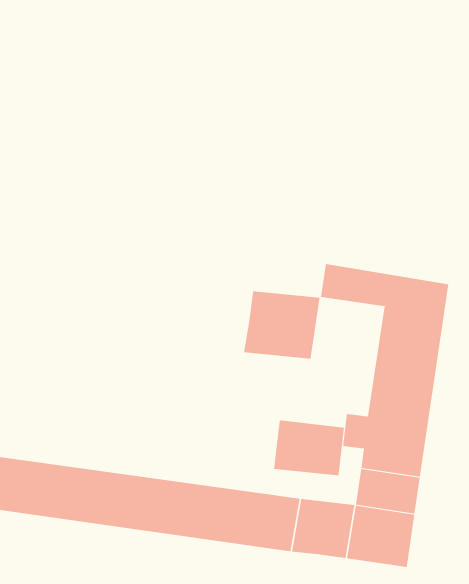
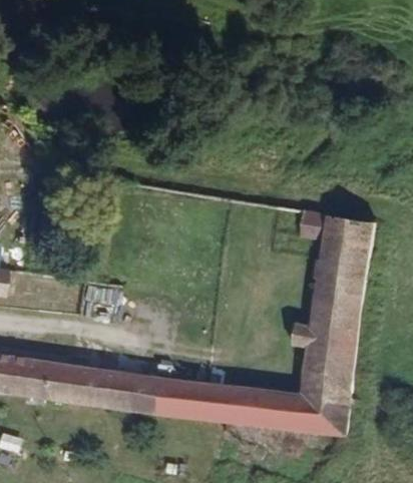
building: [243,290,320,360] -> none
building: [273,419,344,476] -> none

